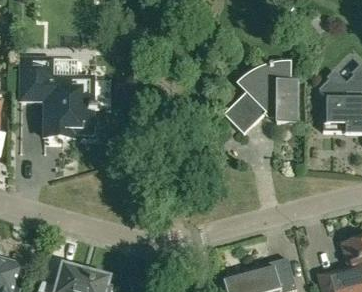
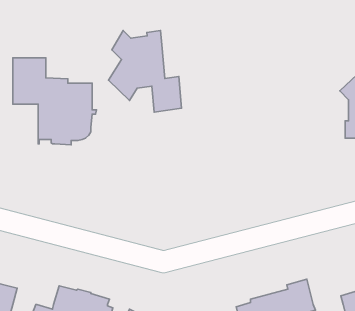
building: none -> [109,31,182,112]
building: [223,61,297,133] -> none

